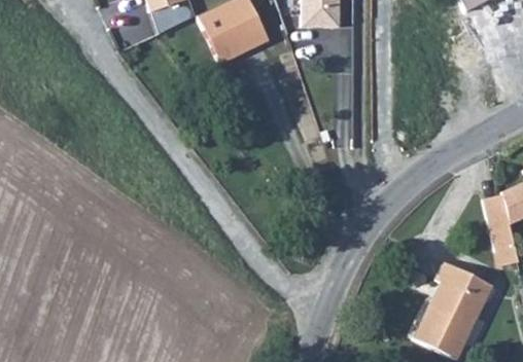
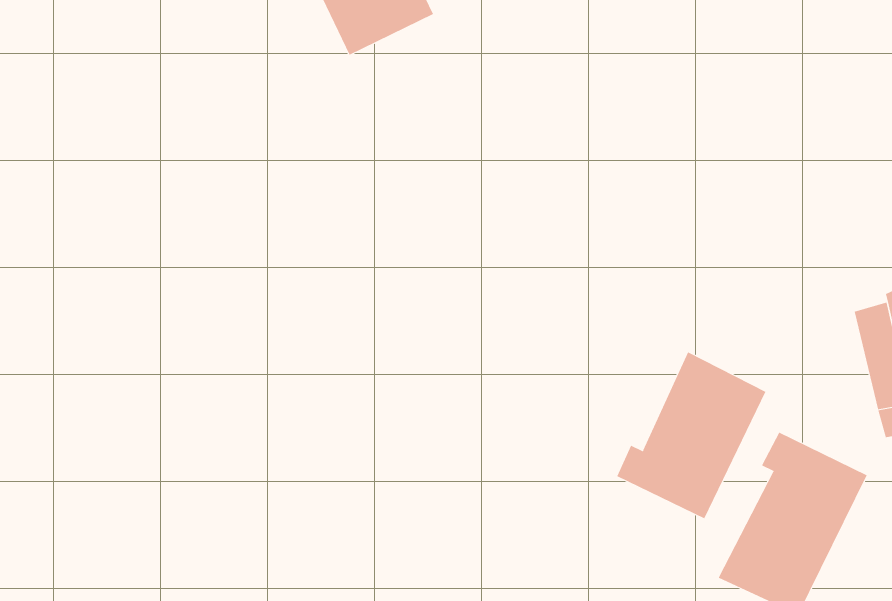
building: none -> [617,351,766,519]

